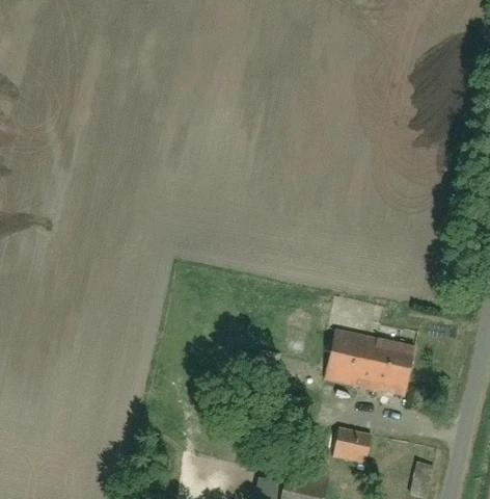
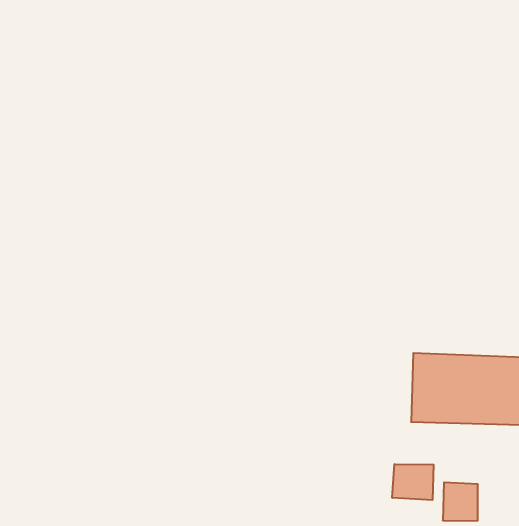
building: none -> [392,464,434,500]

